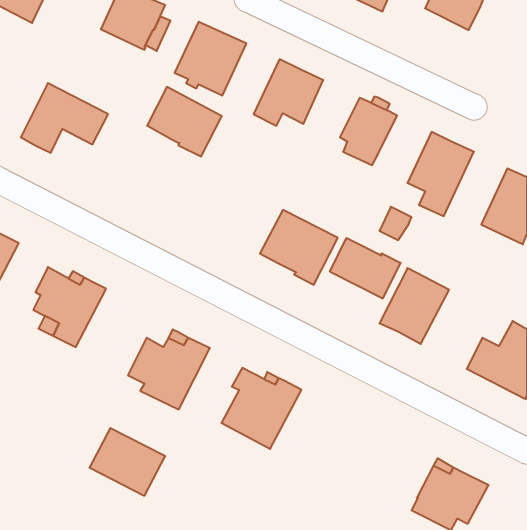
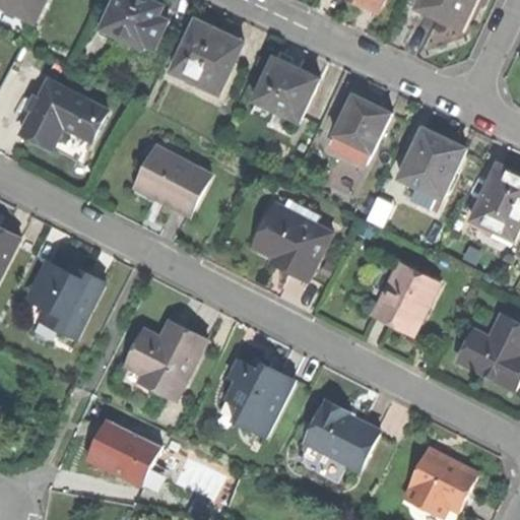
building: [147,87,222,157] -> [136,147,209,215]
building: [330,238,401,299] -> none
building: none -> [304,401,378,470]

